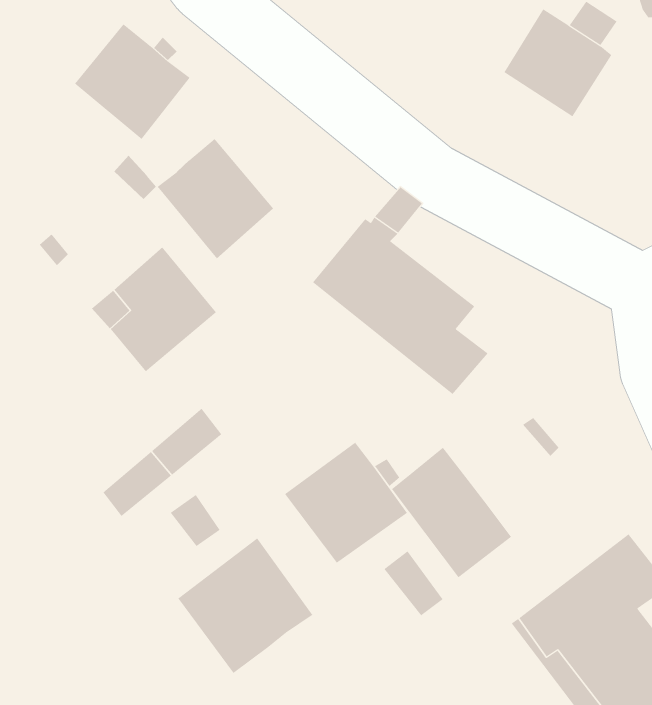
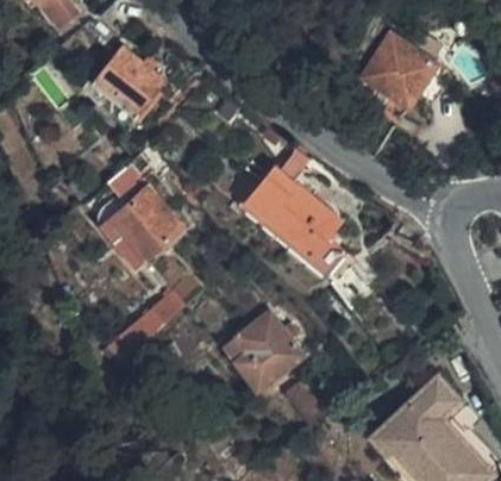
building: [157,138,274,259] -> none
building: [391,447,512,578] -> none
building: [178,537,313,674] -> none

